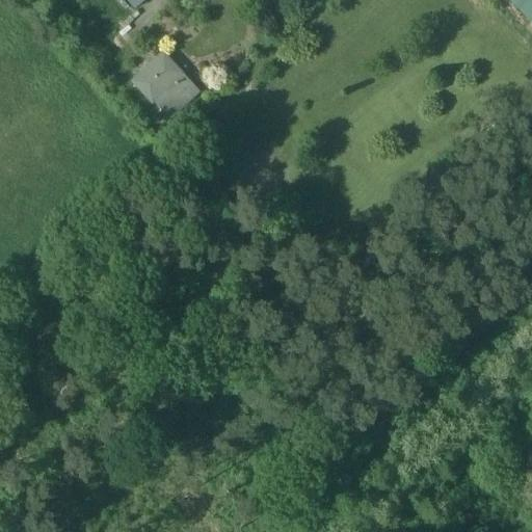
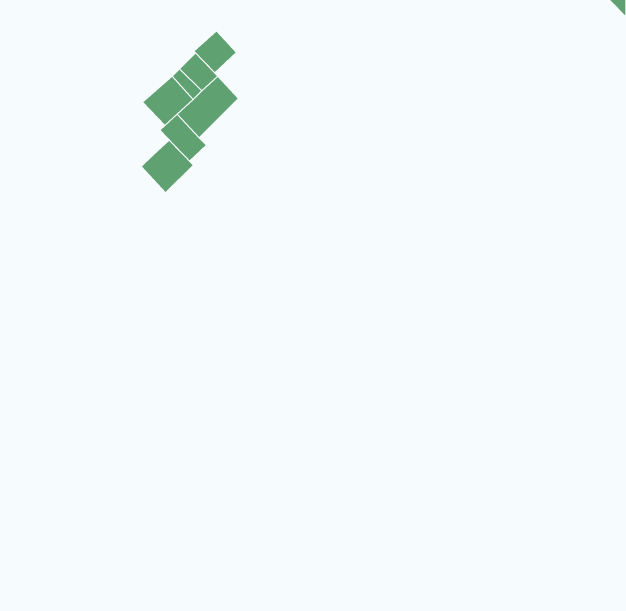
building: none -> [194,31,236,73]
building: none -> [141,140,193,193]

